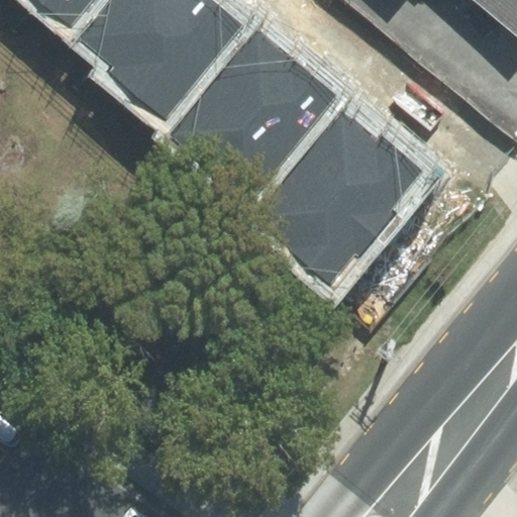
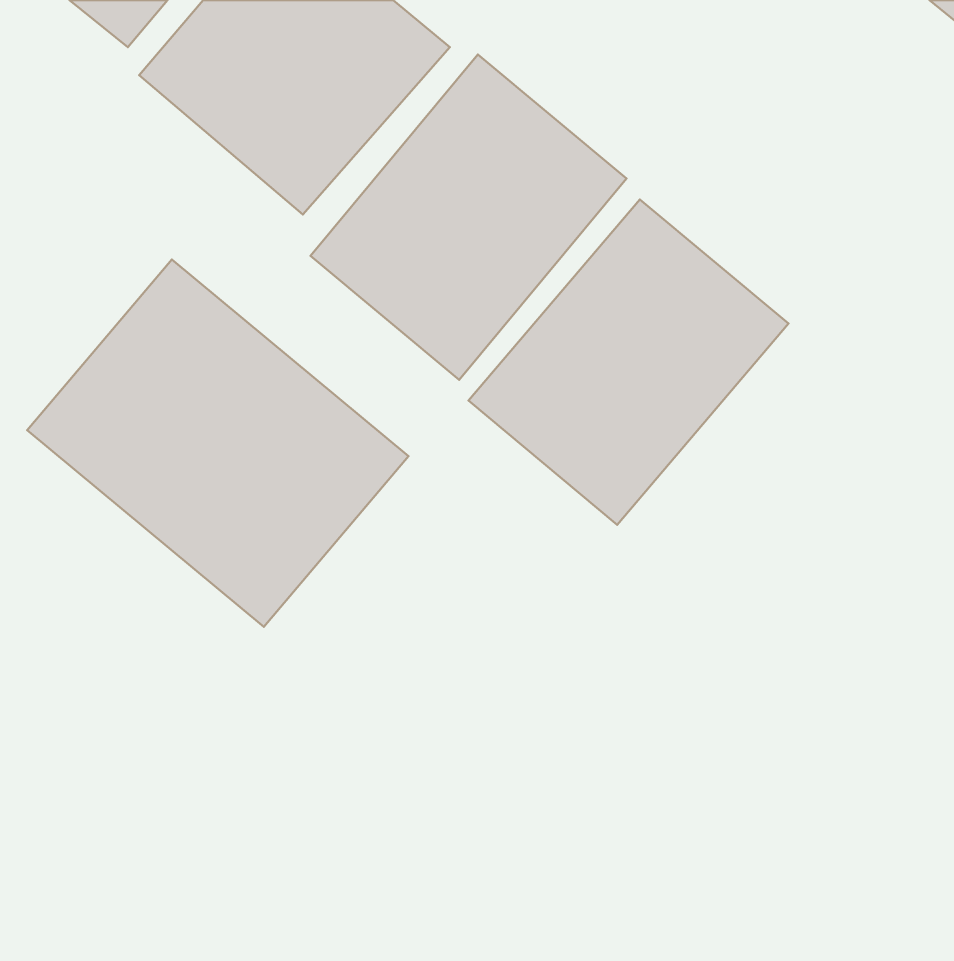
building: none -> [27,259,408,627]

